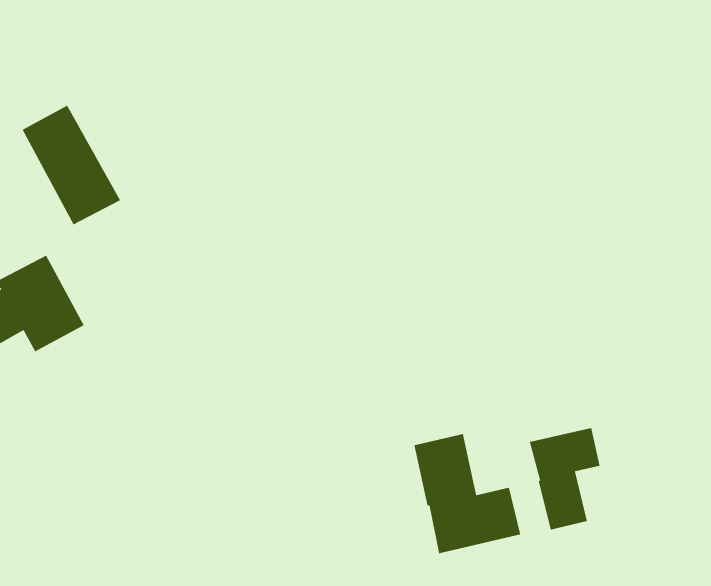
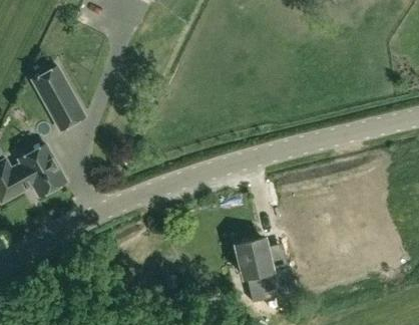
building: [529,427,601,530] -> none

